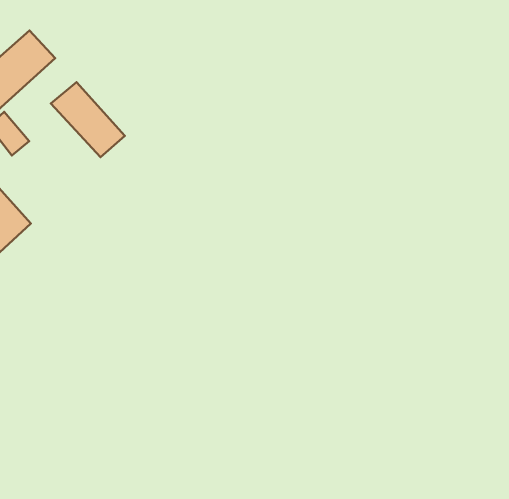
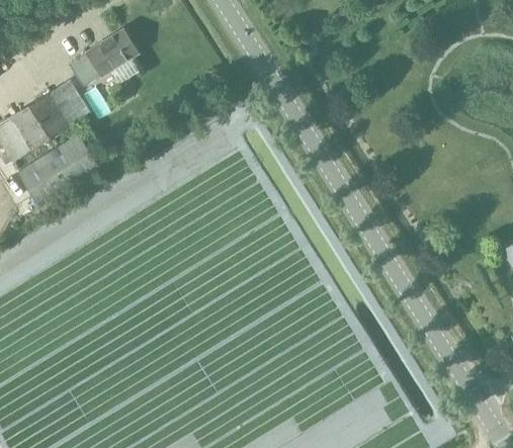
building: [51,82,125,157] -> none

